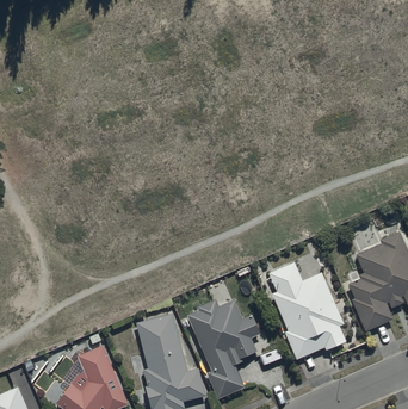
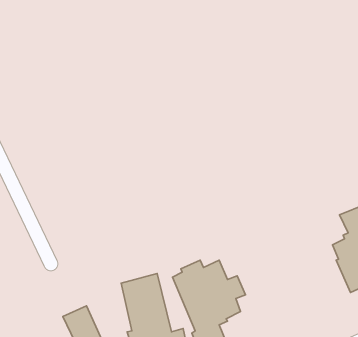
building: [270,262,347,359] -> none

